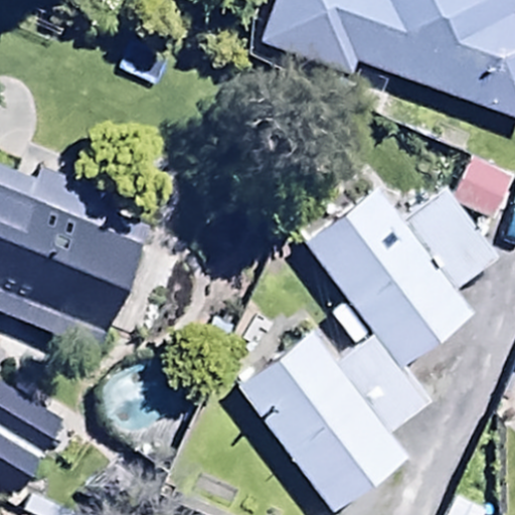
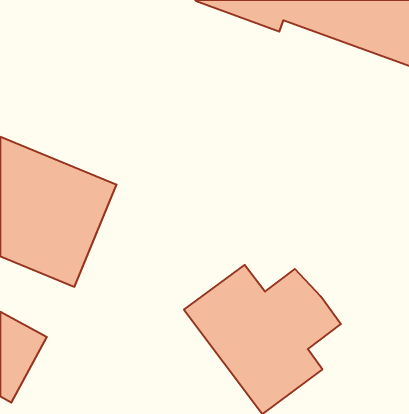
building: [302,183,499,368] -> none

